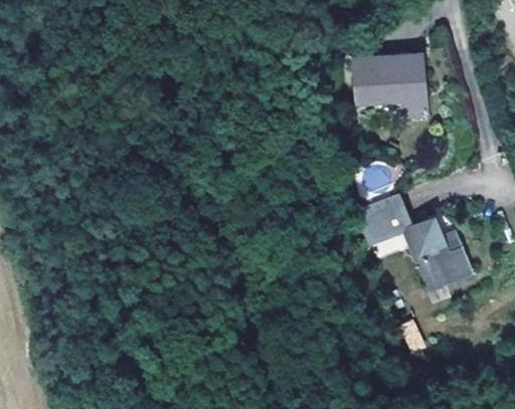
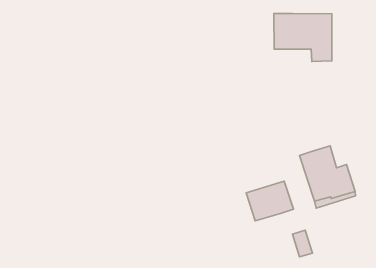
building: [354,192,413,243] -> [246,181,293,221]

